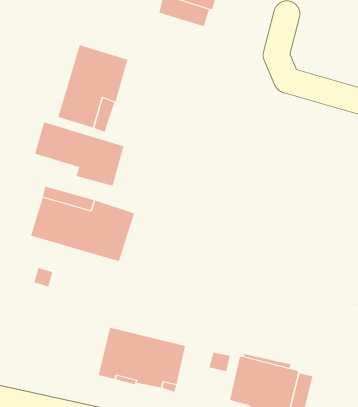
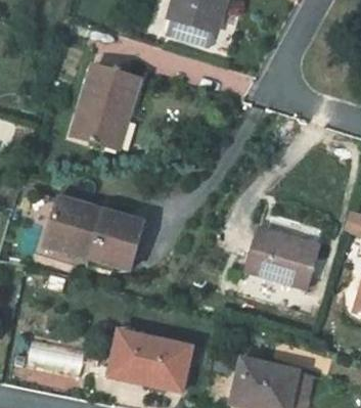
building: [34,122,124,187] -> none
building: none -> [246,229,318,287]

